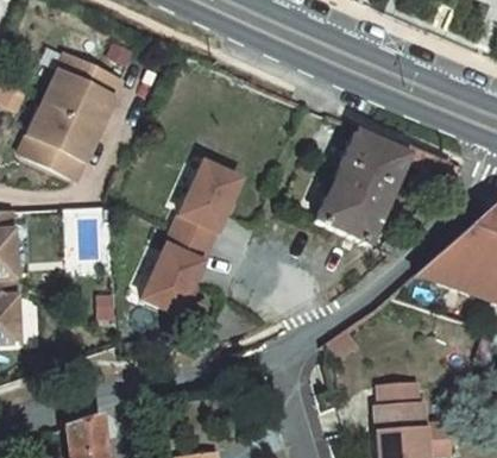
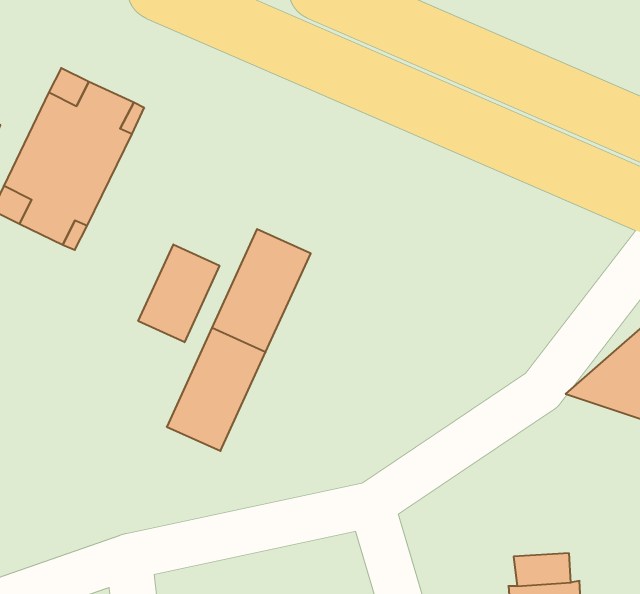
building: [314,132,453,246] -> none
building: none -> [138,244,219,342]

